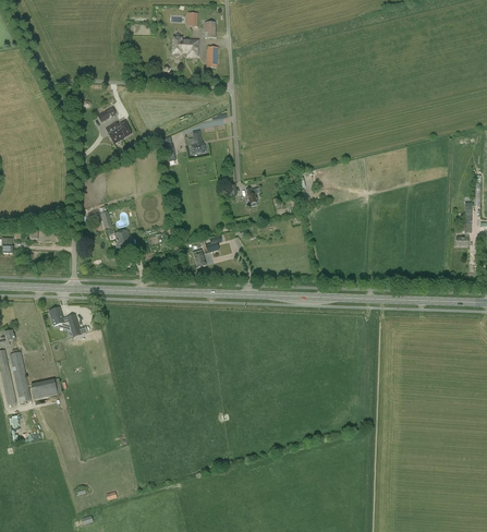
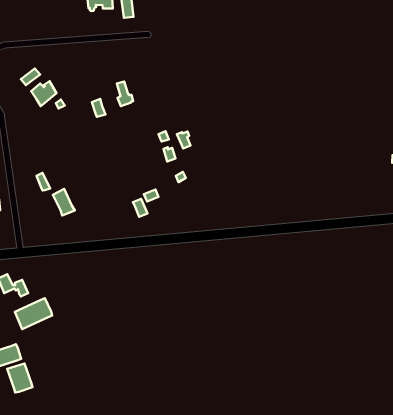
building: none -> [15,298,52,329]
building: none -> [7,363,32,393]

